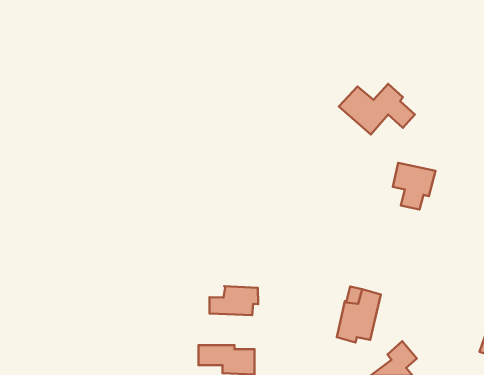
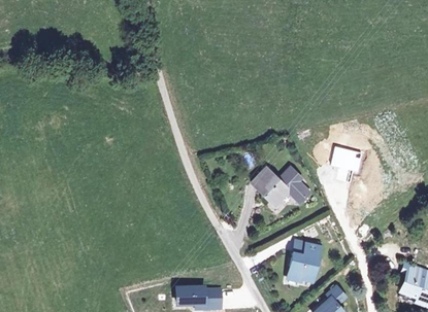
building: [339,84,415,135] -> [251,166,309,205]
building: [209,286,258,315] -> none

